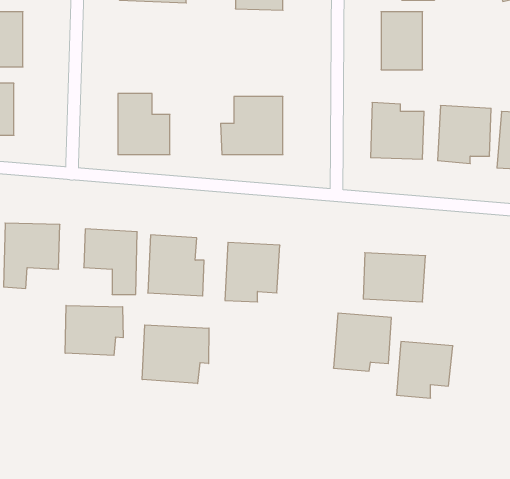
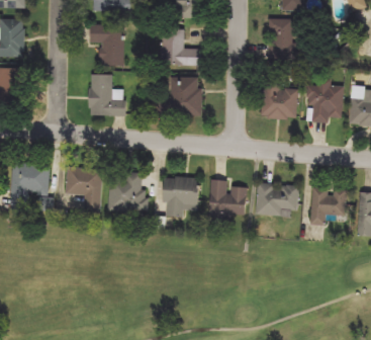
building: none -> [87,25,124,65]
building: none -> [163,29,203,66]
building: [65,305,123,355] -> none
building: [333,313,391,371] -> [207,181,247,221]
building: [142,325,209,384] -> none
building: [396,342,453,398] -> [309,186,348,225]

